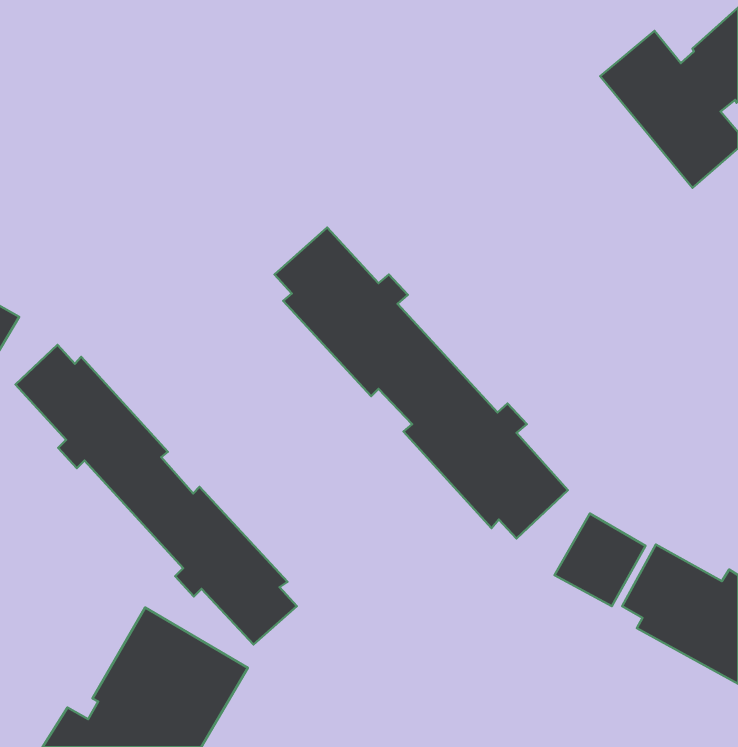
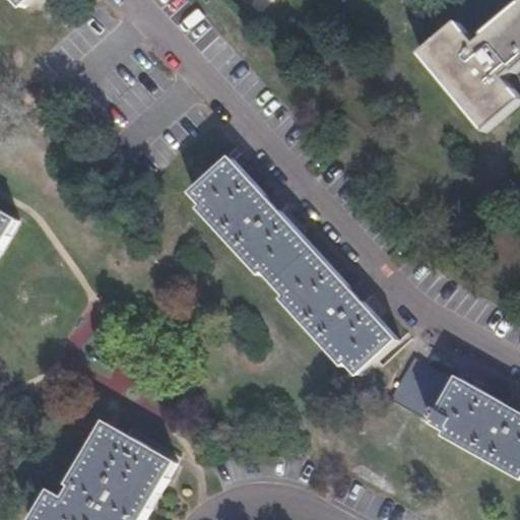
building: [16,345,297,644] -> none

